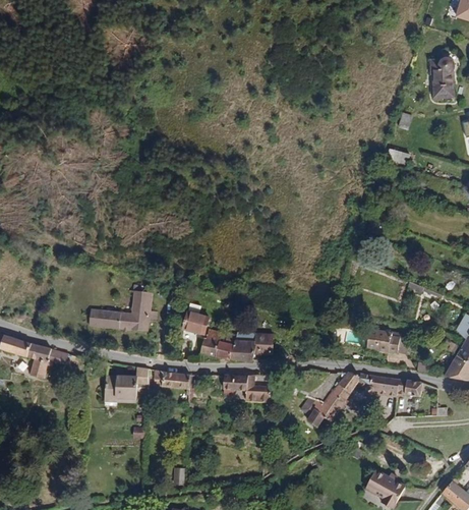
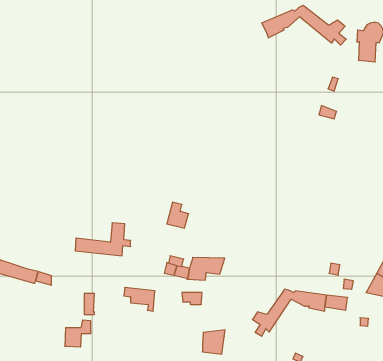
building: none -> [262,5,346,45]
building: [180,302,207,334] -> [167,202,189,228]
building: [364,328,397,352] -> none
building: [114,367,145,400] -> [65,320,91,347]
building: [244,373,272,402] -> [202,330,225,354]

